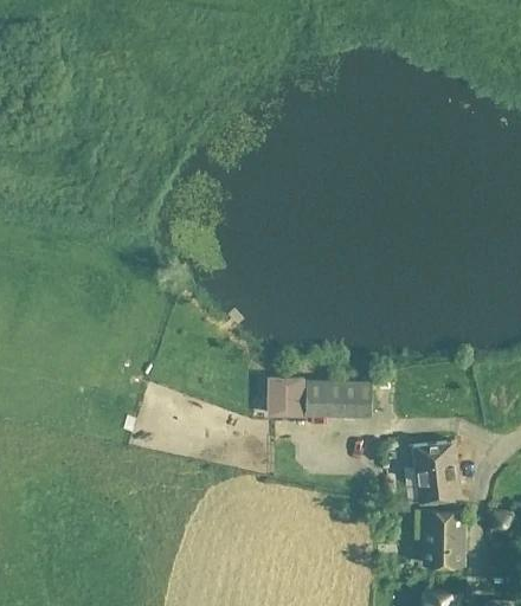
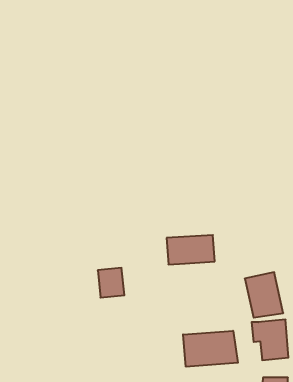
building: [268,380,302,419] -> [98,268,124,298]
building: none -> [183,331,238,367]

